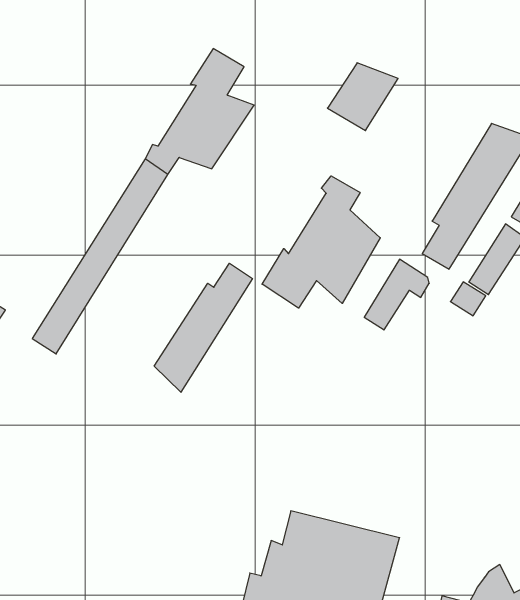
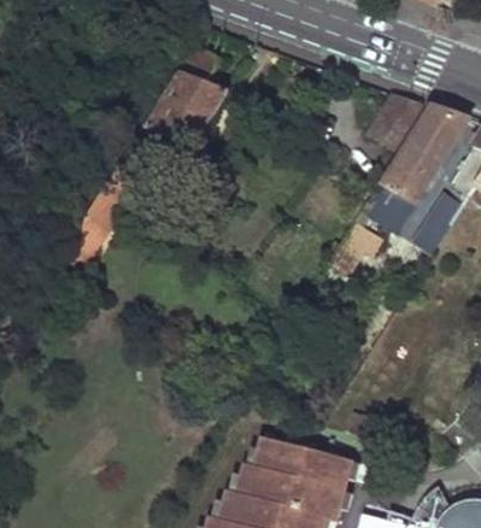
building: [327,63,398,131] -> [368,93,428,151]
building: [262,176,380,308] -> none
building: [154,263,252,392] -> none

